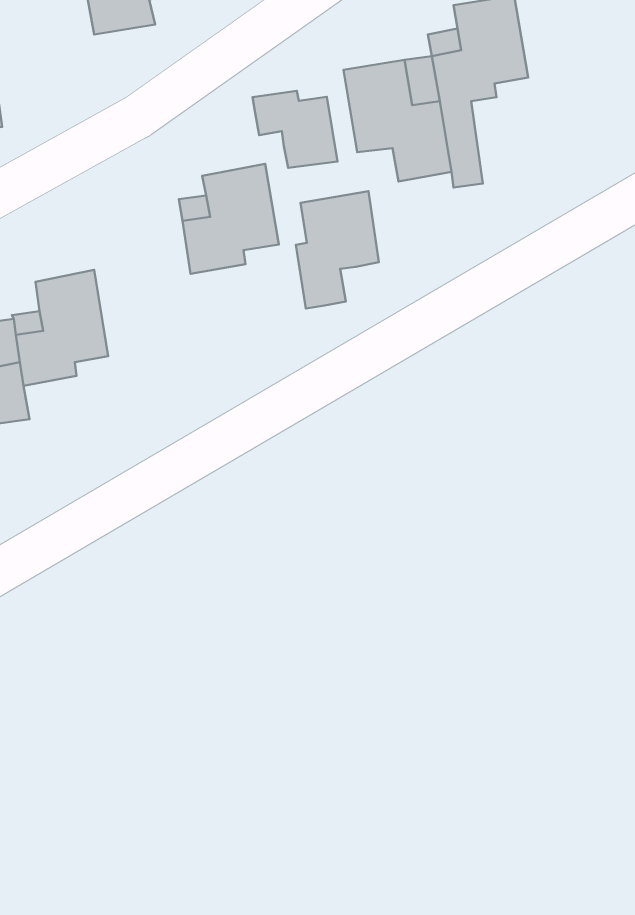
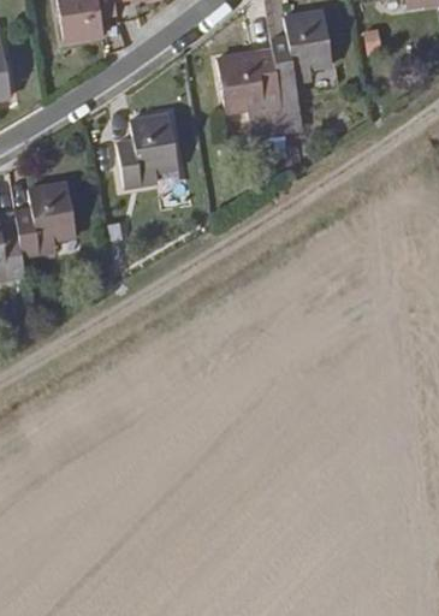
building: [253,91,338,168] -> none
building: [296,191,379,309] -> none

